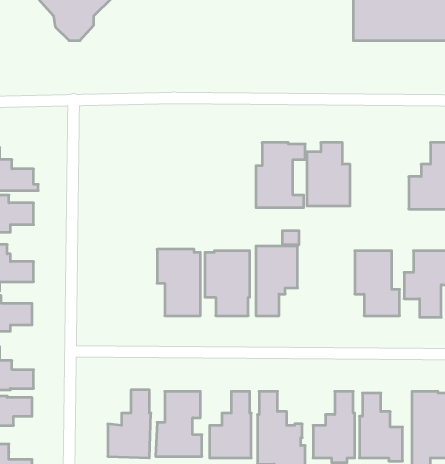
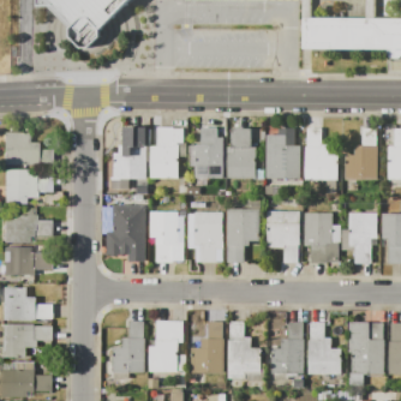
building: none -> [114,127,146,178]
building: none -> [151,127,186,178]
building: none -> [196,127,223,179]
building: none -> [305,128,337,194]
building: none -> [102,205,146,262]
building: none -> [267,211,300,263]

